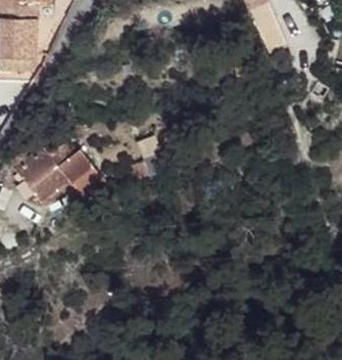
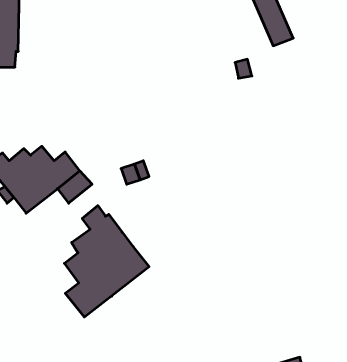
building: none -> [64,206,149,317]

